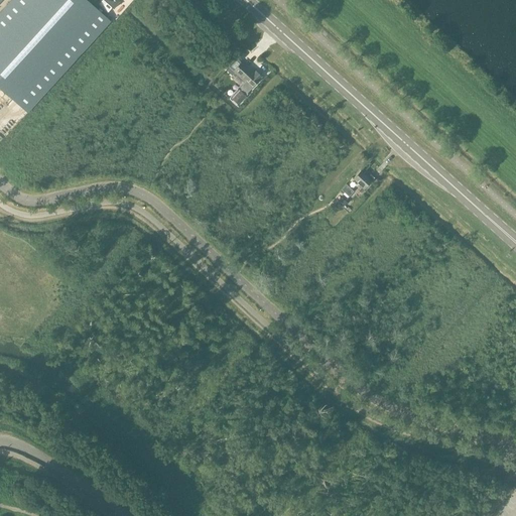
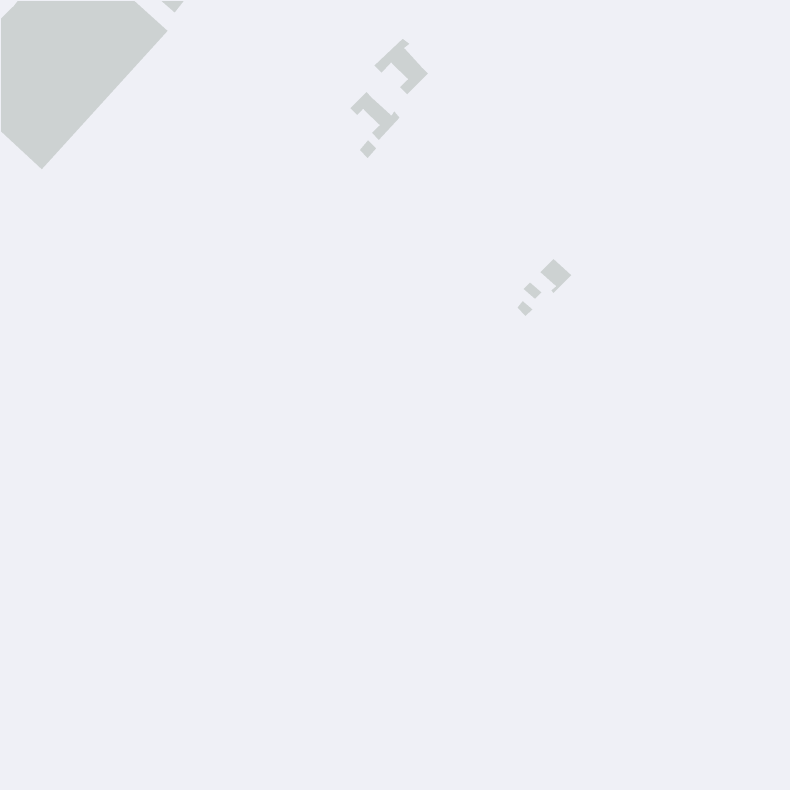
building: none -> [374,38,429,95]

